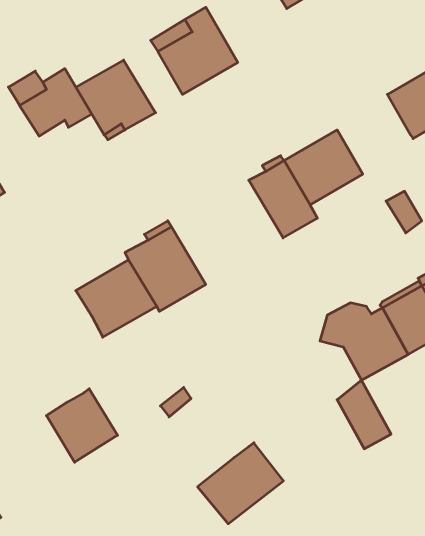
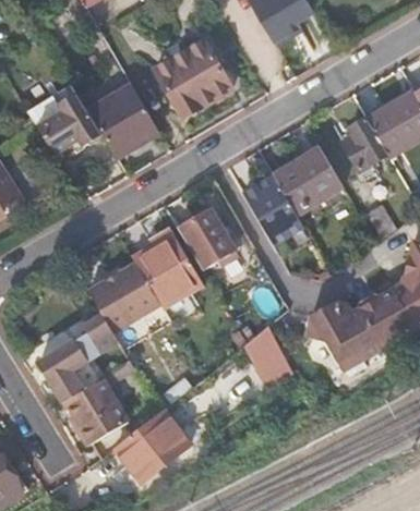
building: none -> [336,117,386,169]
building: none -> [178,209,236,270]
building: none -> [36,314,117,402]
building: [337,380,391,449] -> [247,326,295,387]
building: [198,443,283,524] -> [115,409,191,480]

